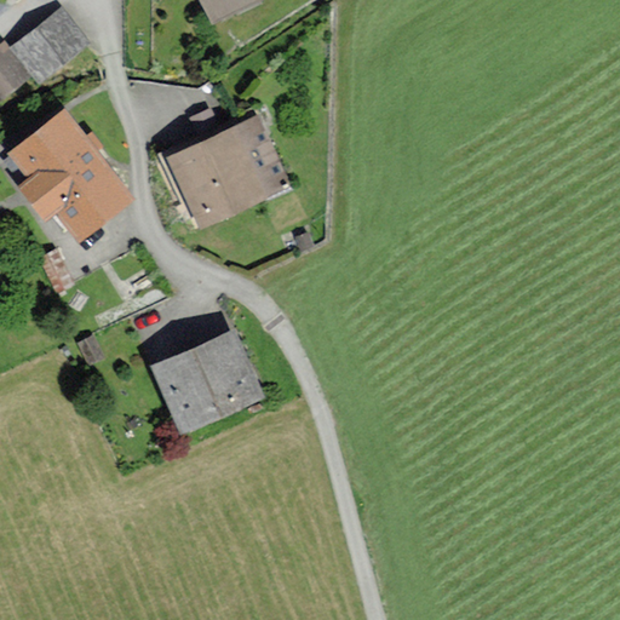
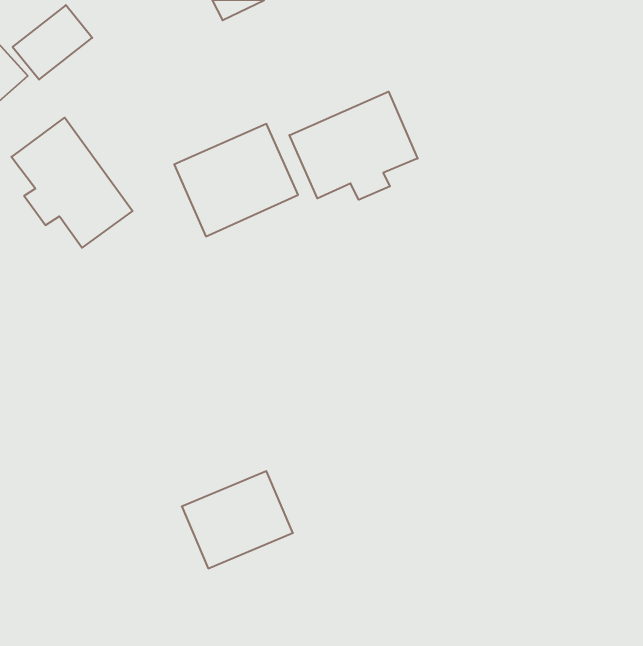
building: none -> [289,92,418,200]
building: [154,335,260,429] -> [182,471,293,568]

